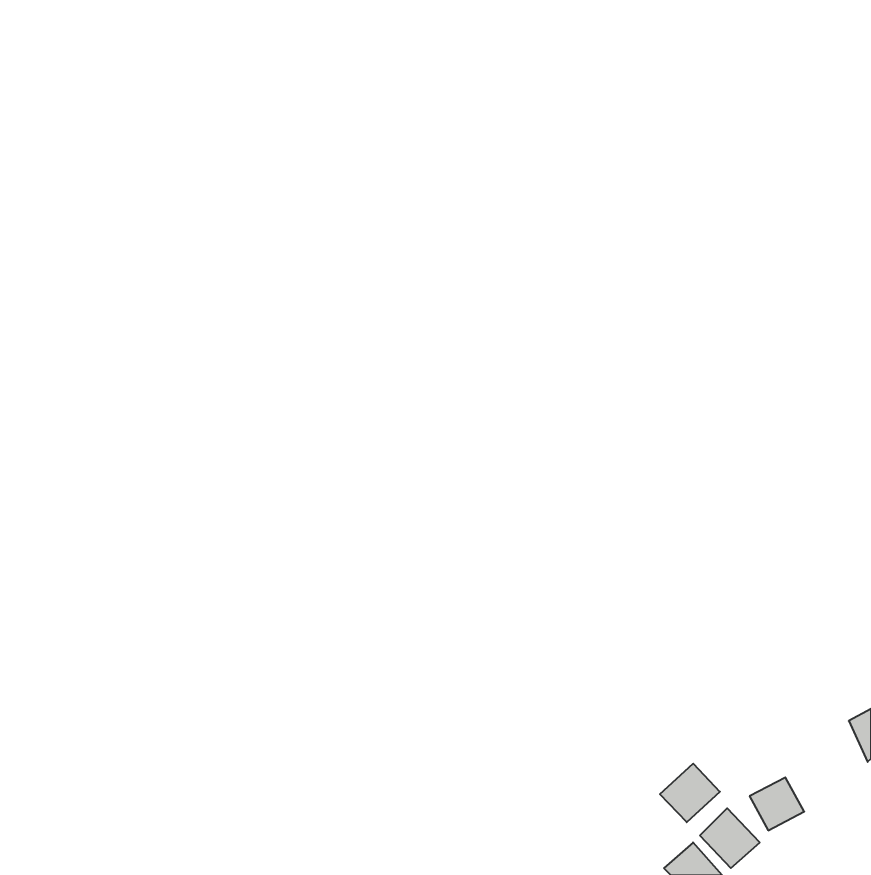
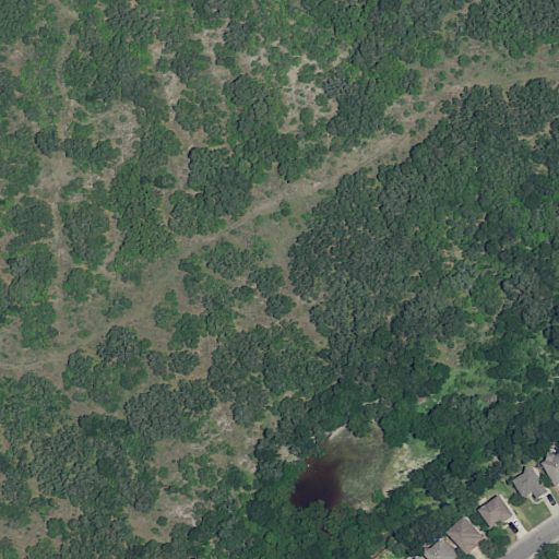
building: none -> [513,467,547,498]
building: [660,764,720,822] -> none

